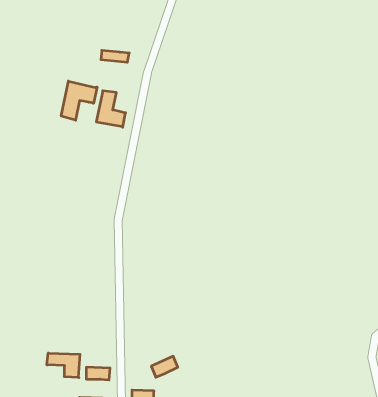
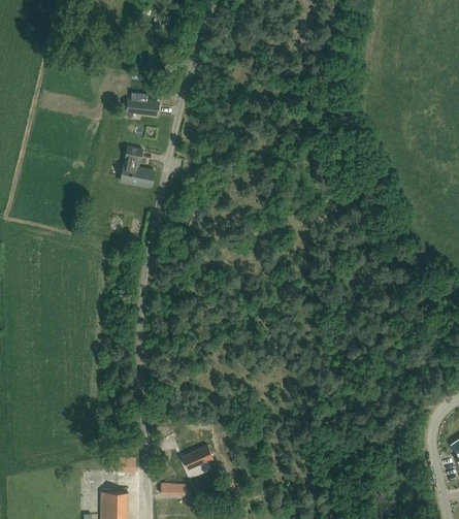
building: [61,81,97,120] -> none
building: [47,353,80,378] -> none

